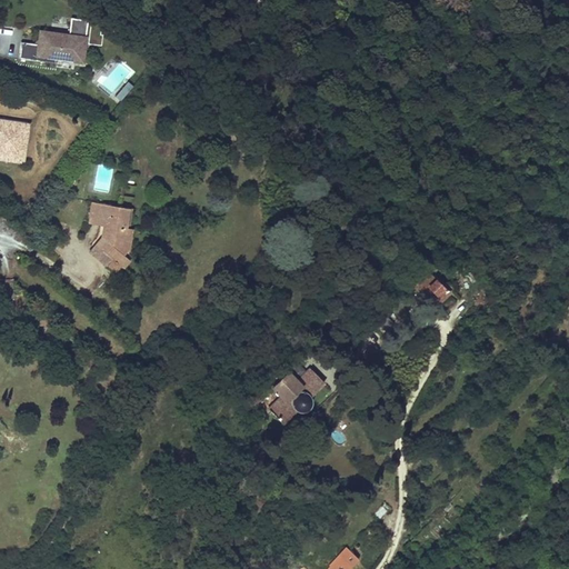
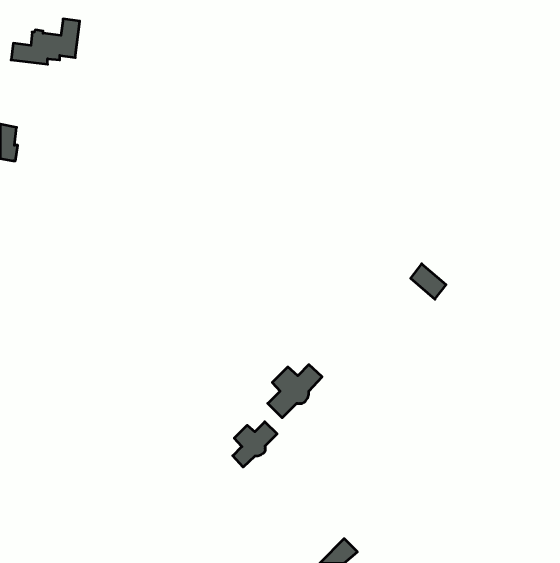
building: [90,204,129,274] -> none
building: none -> [233,422,277,467]

